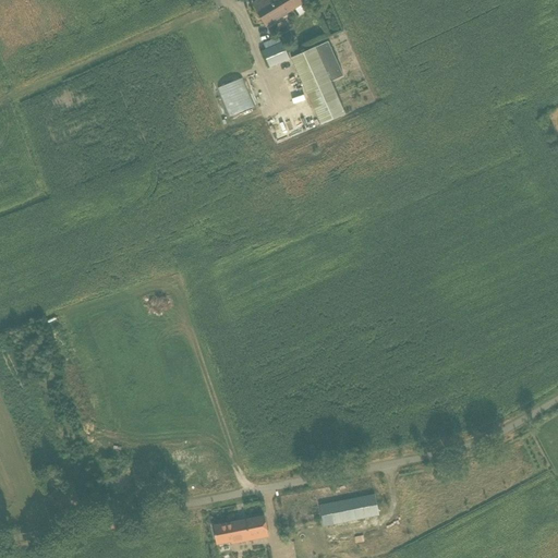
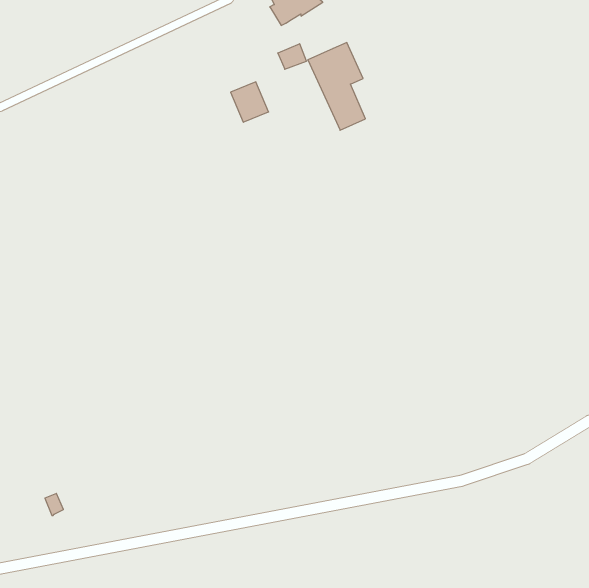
building: [319,494,377,524] -> none
building: [214,515,269,543] -> none

